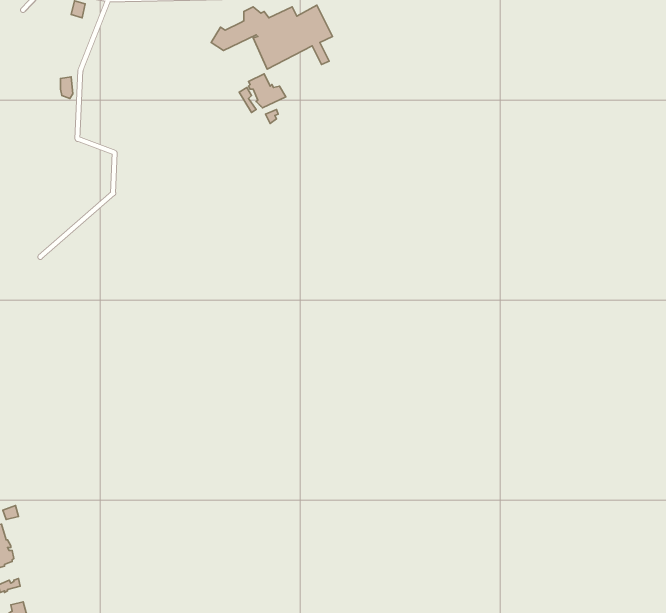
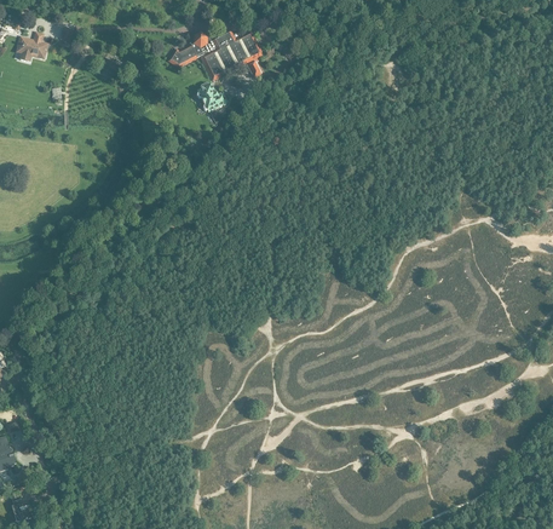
building: none -> [16,33,46,62]

